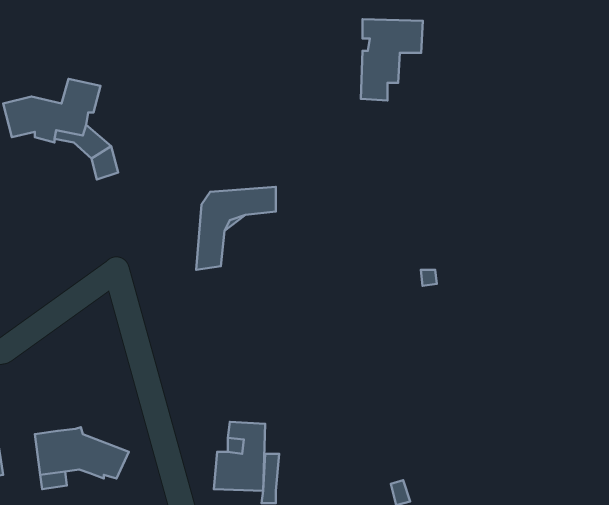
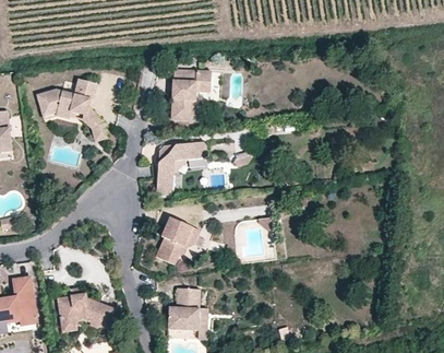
building: [361,19,423,100] -> [171,70,209,120]
building: none -> [156,217,200,267]

